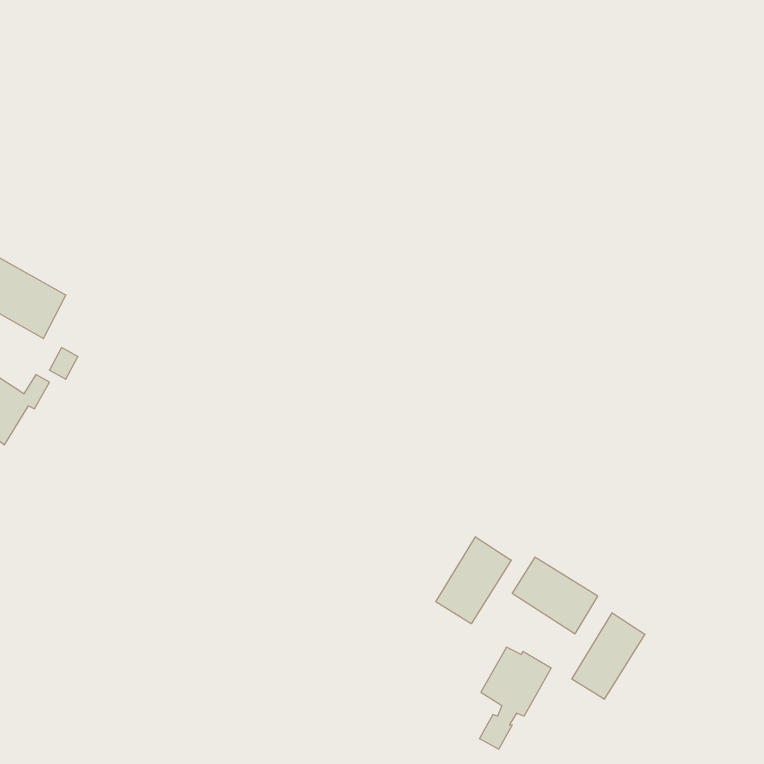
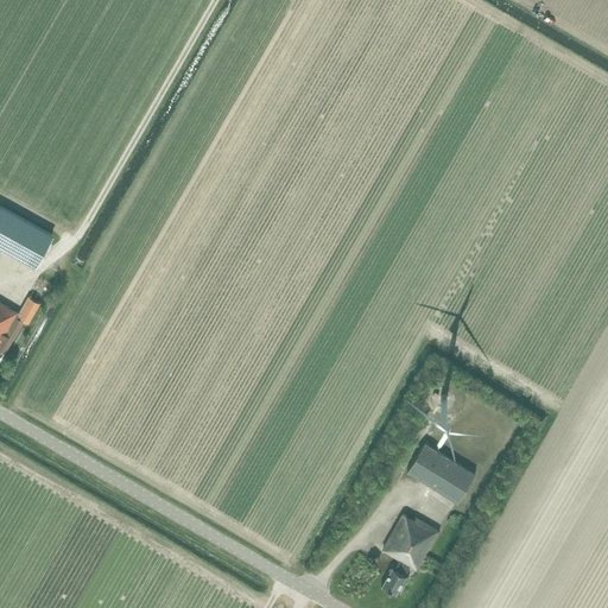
building: [436,537,511,624] -> none
building: [572,613,645,699] -> none

